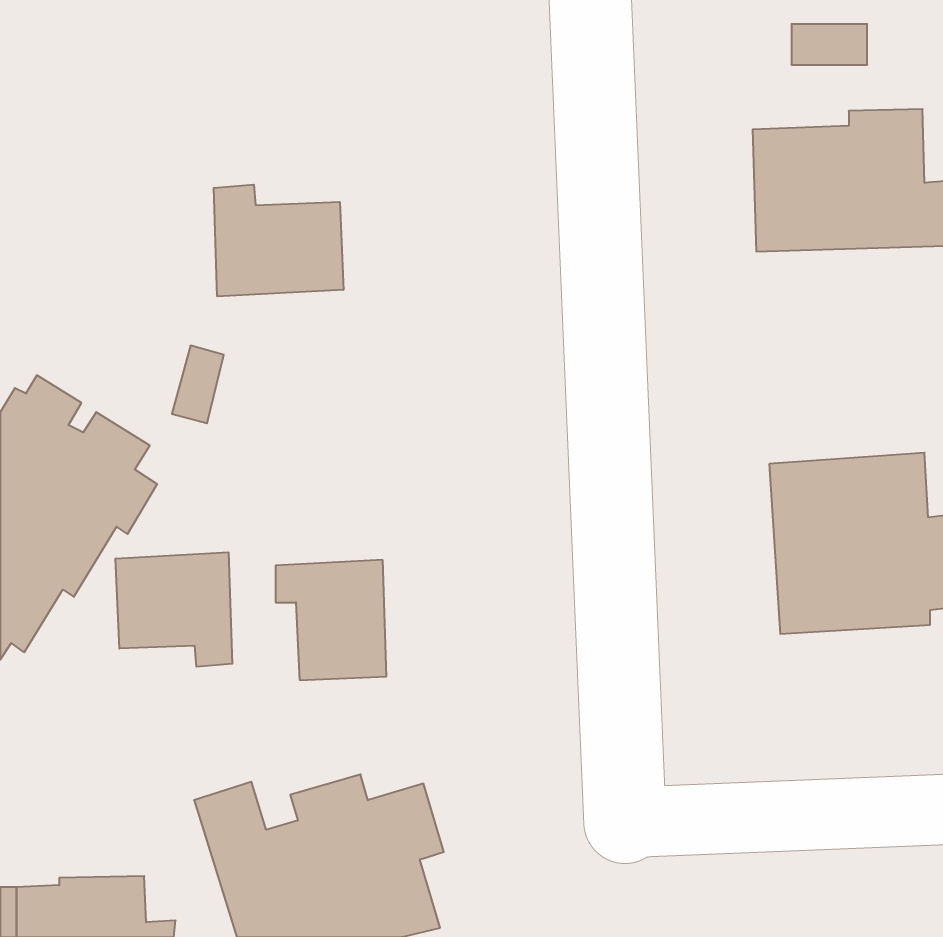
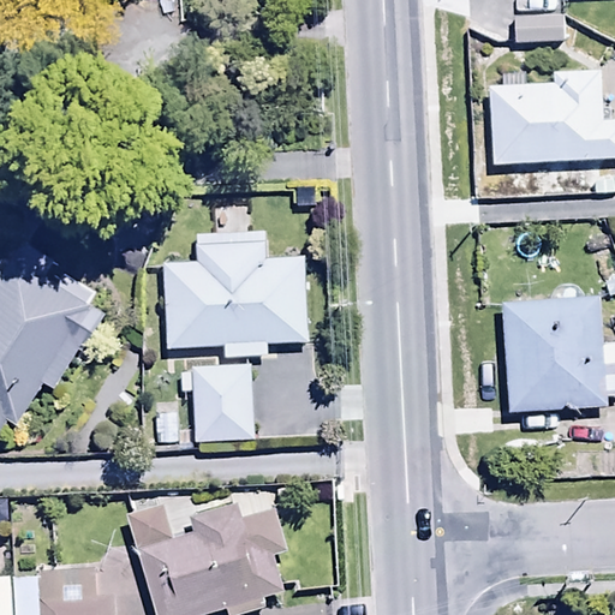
building: [214,185,343,296] -> none
building: none -> [163,231,306,354]
building: [116,552,232,667] -> none

